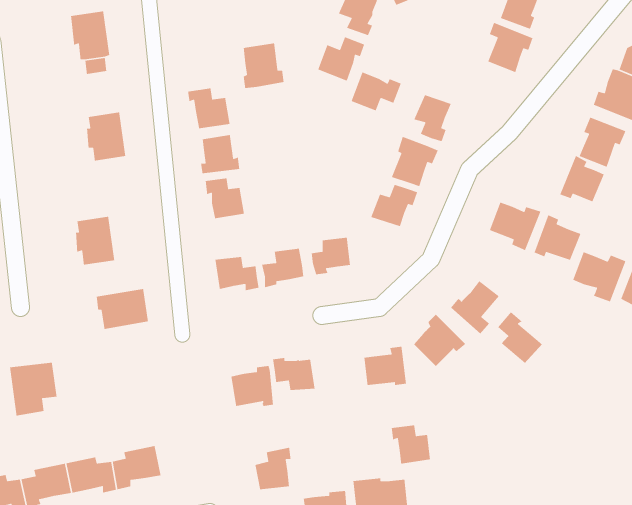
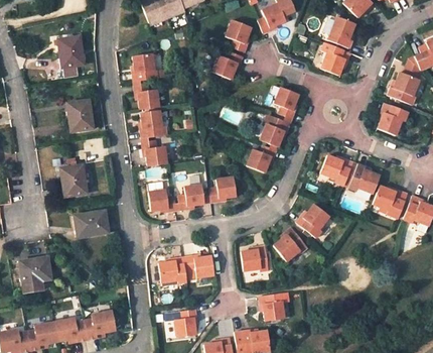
building: [243,42,285,89] -> [131,53,157,83]
building: [350,71,402,112] -> none
building: [559,155,605,203] -> none
building: [497,311,543,364] -> none

